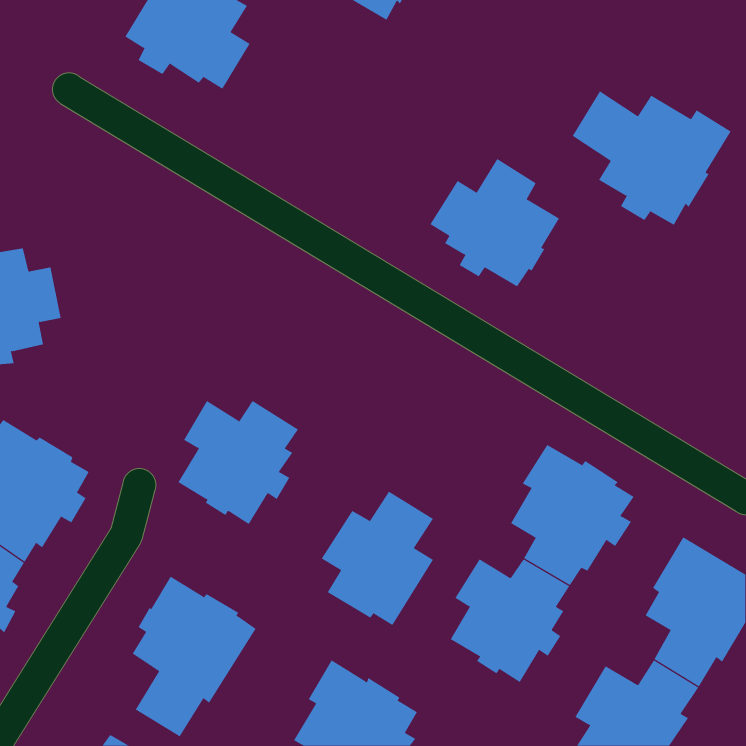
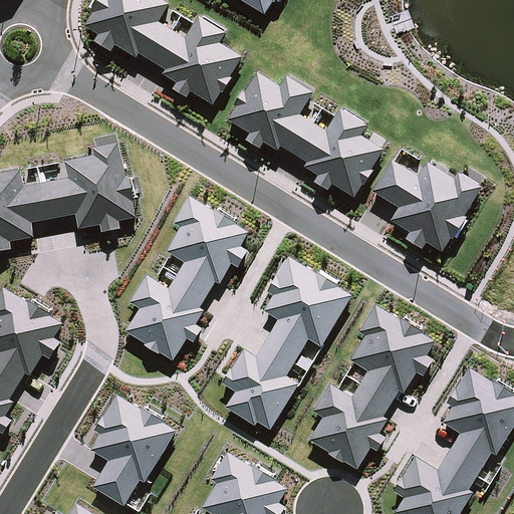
building: none -> [153,16,242,104]
building: [572,91,731,225] -> [372,159,482,251]
building: none -> [228,72,313,154]
building: none -> [35,142,133,232]
building: none -> [164,196,249,294]
building: none -> [262,256,352,355]

